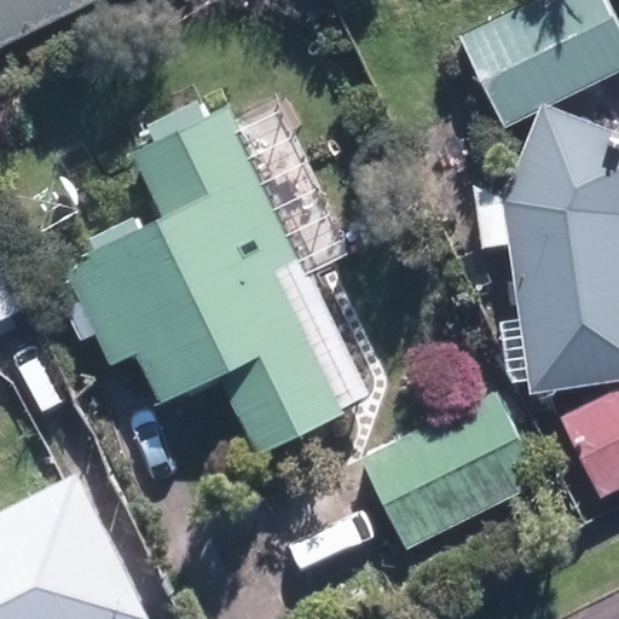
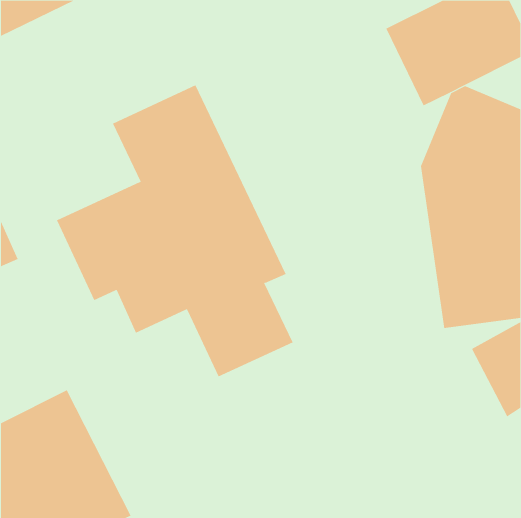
building: [363,391,542,549] -> none

